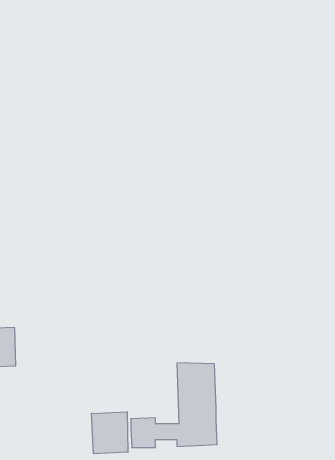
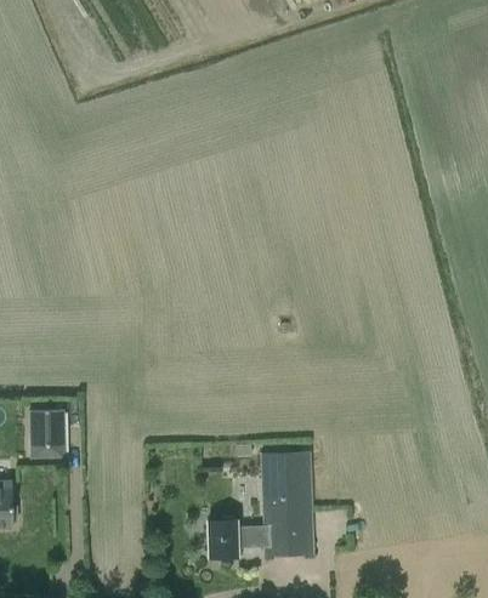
building: [91,412,128,454] -> none

